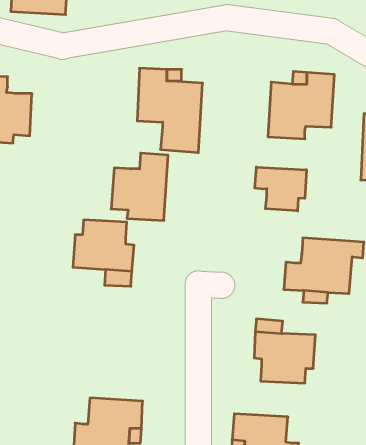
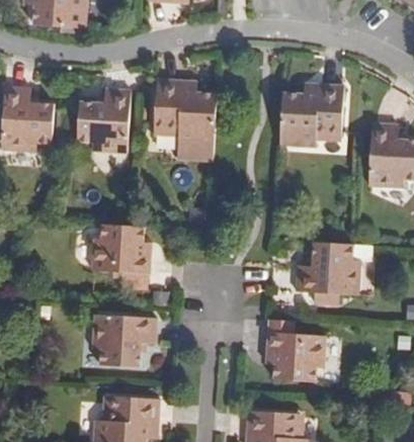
building: [111,153,168,220] -> [77,88,132,153]
building: [255,167,306,211] -> none
building: none -> [93,316,157,367]

